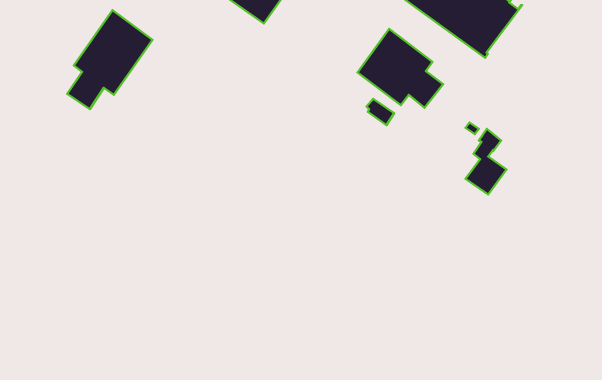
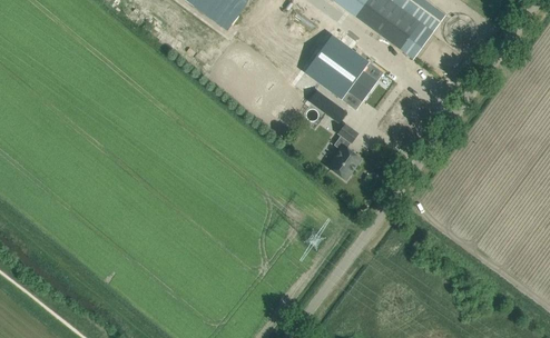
building: [67,10,152,109] -> none
building: [466,129,506,195] -> [327,126,362,181]

